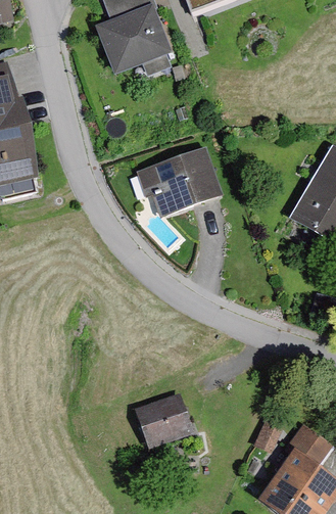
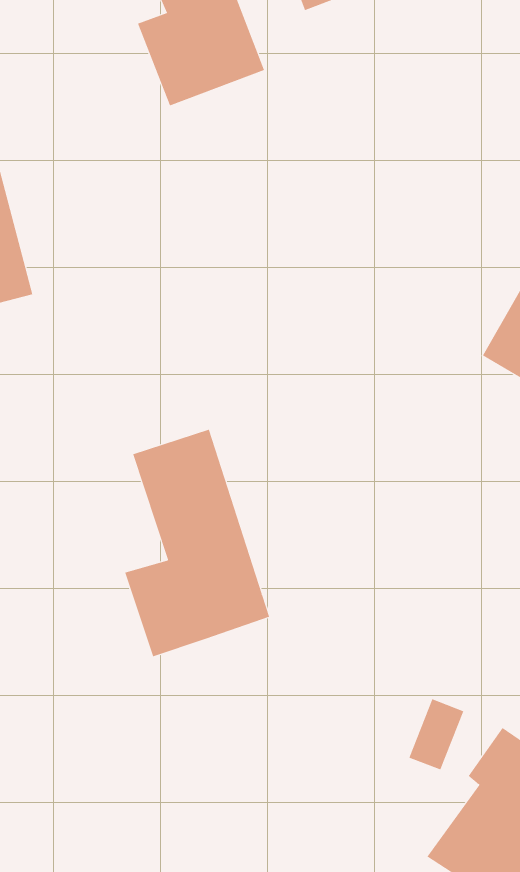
building: [146,147,222,213] -> none
building: none -> [124,429,270,657]
building: [137,393,192,448] -> none

